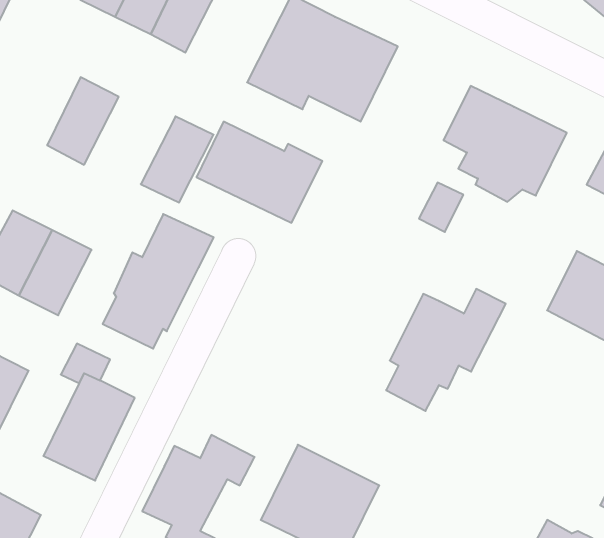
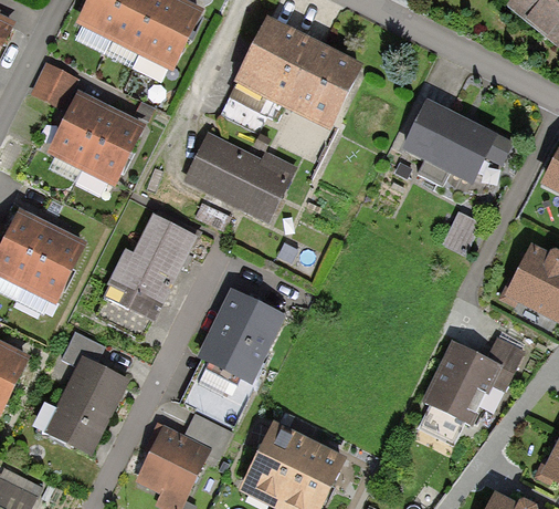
building: none -> [30,61,81,111]
building: [141,116,214,203] -> [82,108,147,186]
building: [419,183,463,232] -> [442,210,482,254]
building: [386,289,506,411] -> [418,335,525,445]
building: none -> [182,287,285,425]

